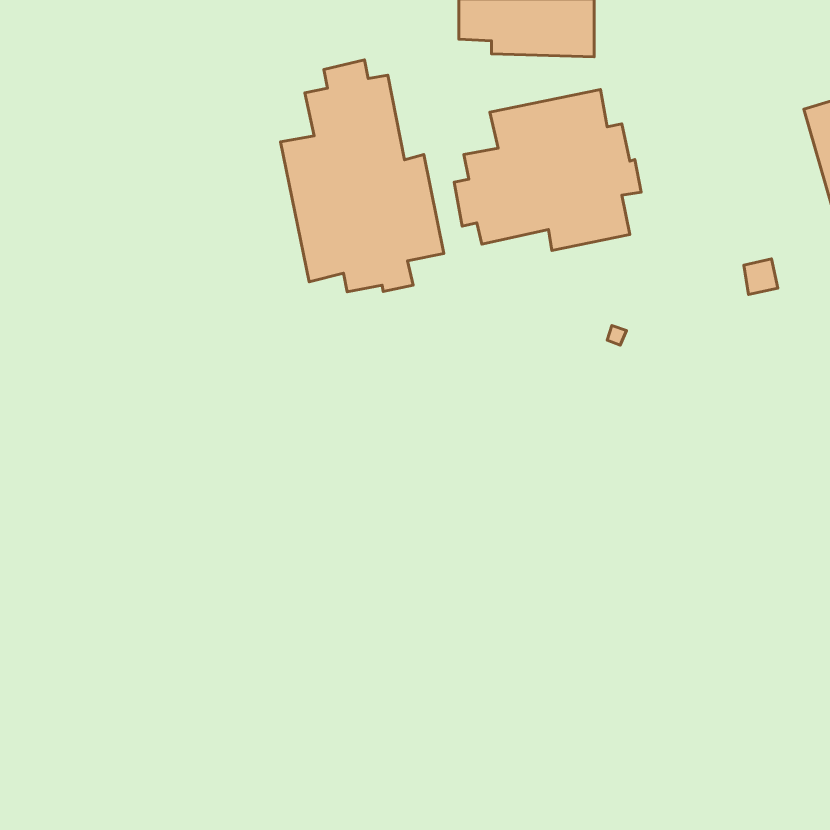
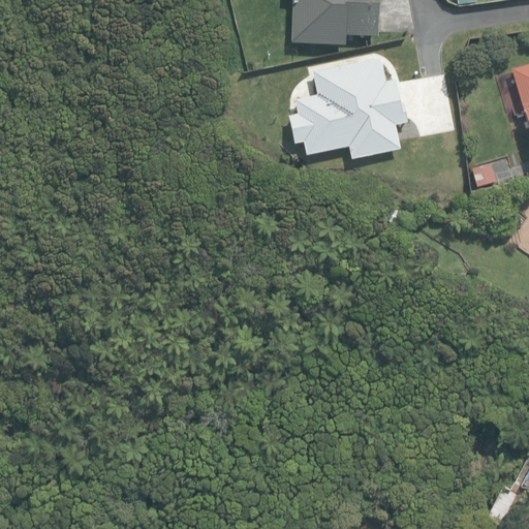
building: [281,60,444,292] -> none

